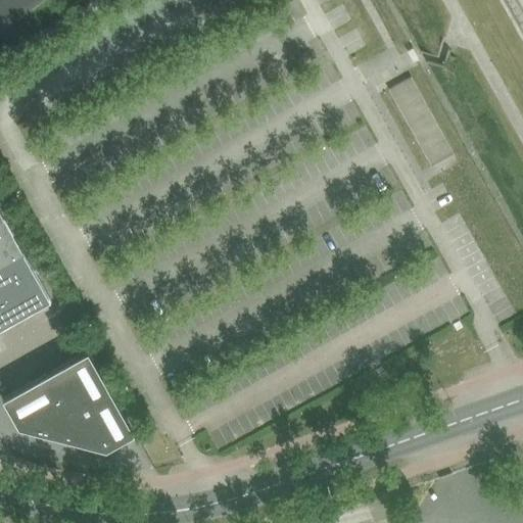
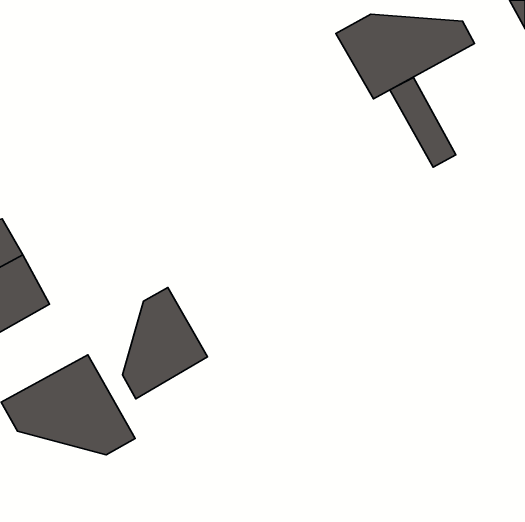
building: none -> [336,14,475,99]
building: none -> [122,287,207,399]

